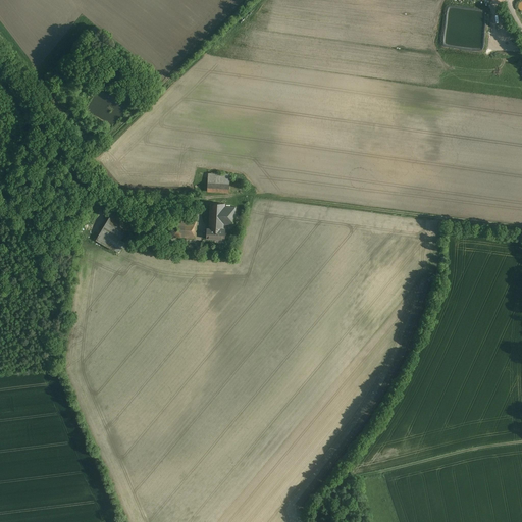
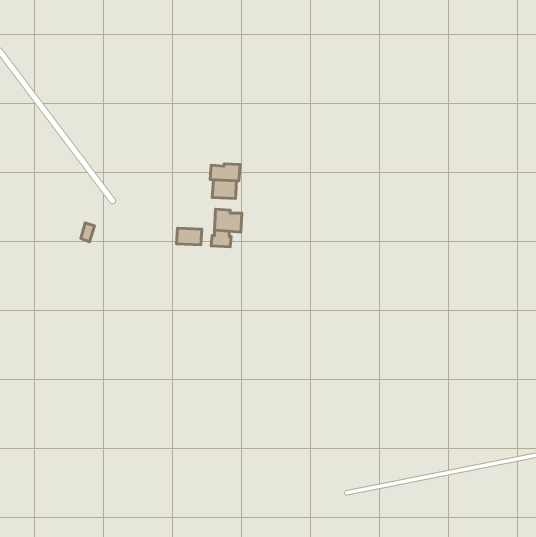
building: none -> [210,164,240,181]
building: [96,213,129,250] -> none

